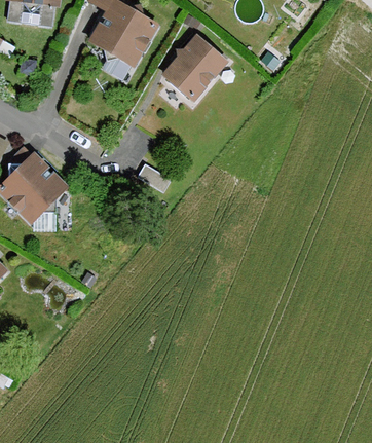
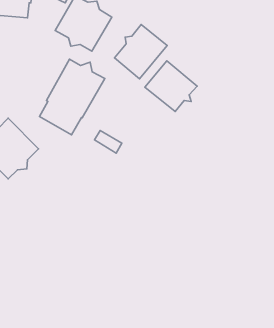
building: none -> [40,59,105,135]
building: none -> [145,61,197,112]

